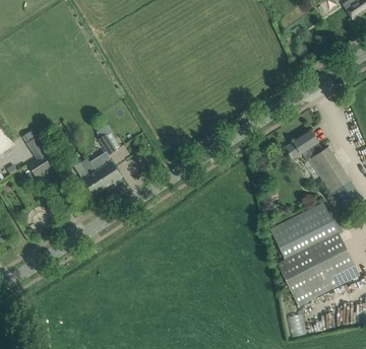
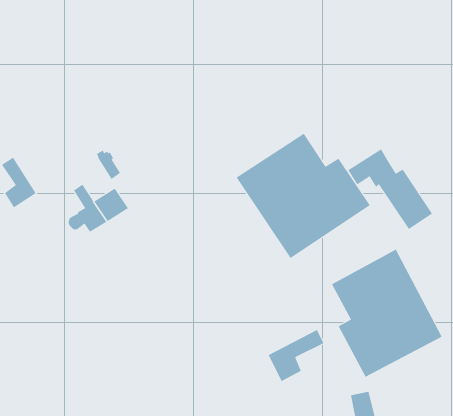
building: none -> [236,133,371,259]
building: none -> [268,329,324,382]

